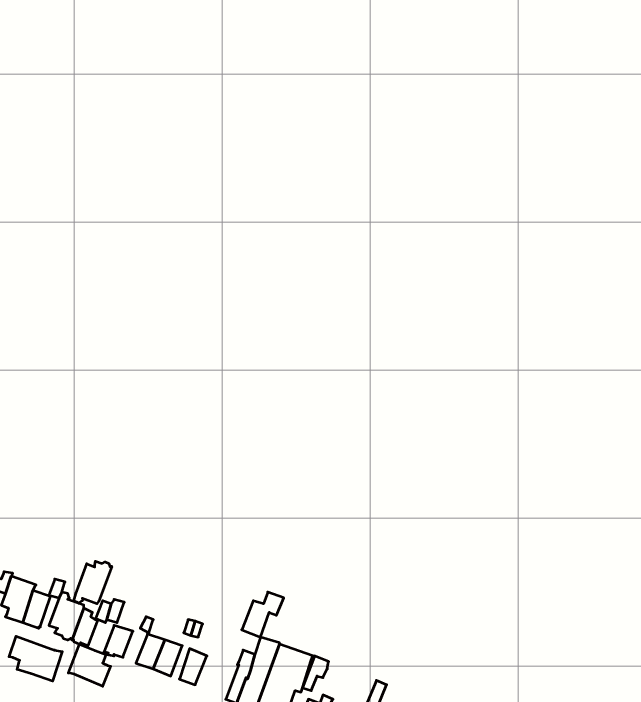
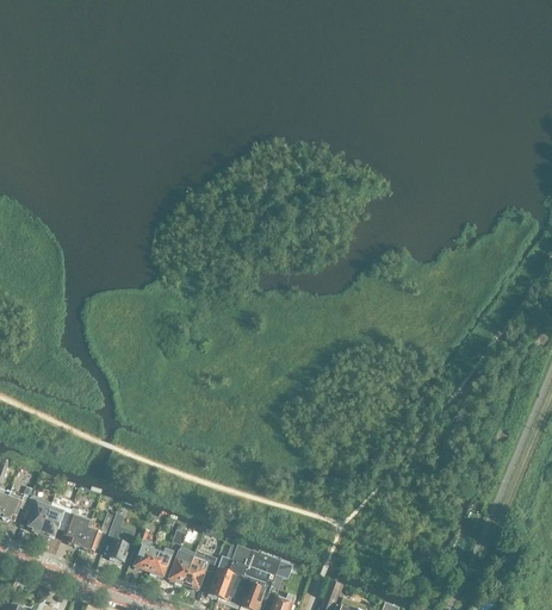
building: [74,561,112,604] -> none
building: [242,592,284,637] -> [182,552,217,589]
building: [9,636,62,681] -> none
building: [68,644,111,686] -> none

